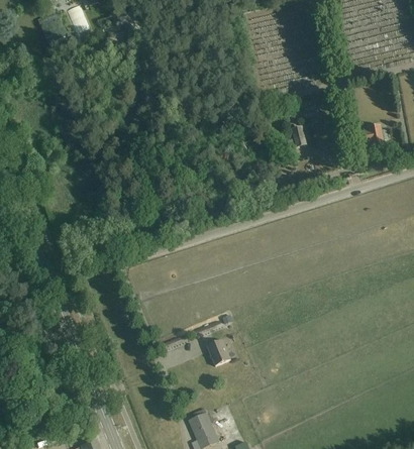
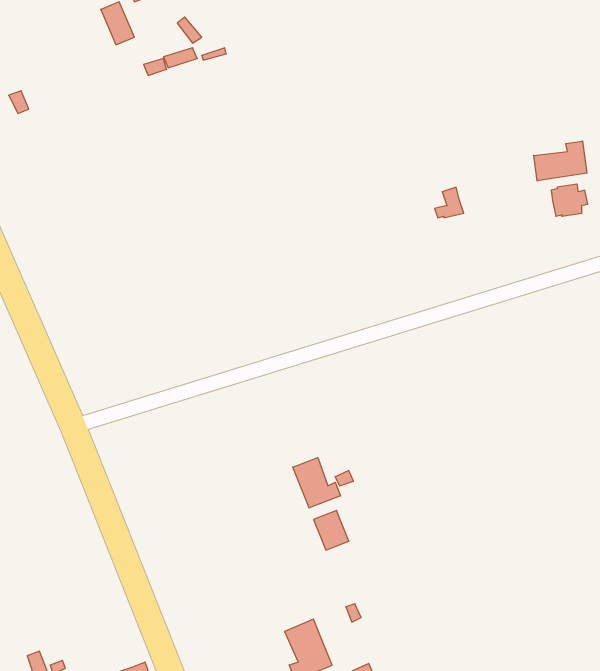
building: none -> [534,141,587,181]
building: none -> [293,458,341,508]

